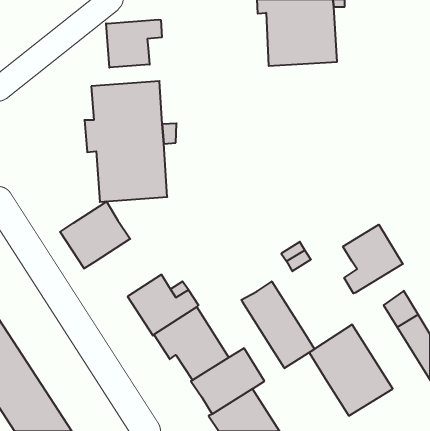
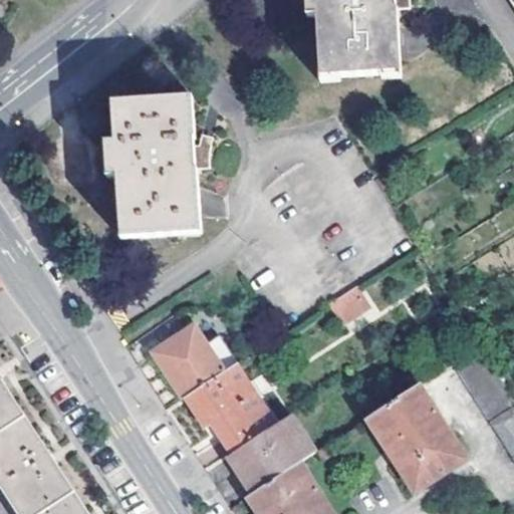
building: [106,20,162,68] -> none
building: [60,201,130,269] -> none
building: [343,225,403,293] -> none
building: [241,281,314,368] -> none

